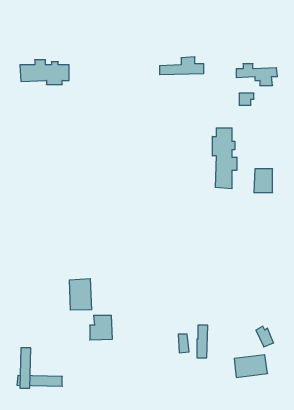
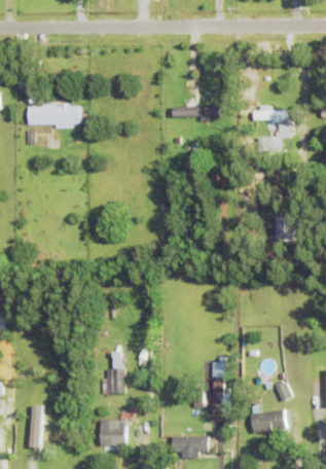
building: [212,128,237,189] -> none
building: [70,279,92,310] -> none
building: none -> [101,421,128,447]
building: none -> [174,437,209,459]

